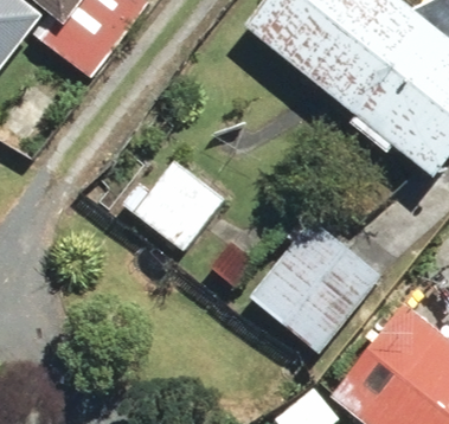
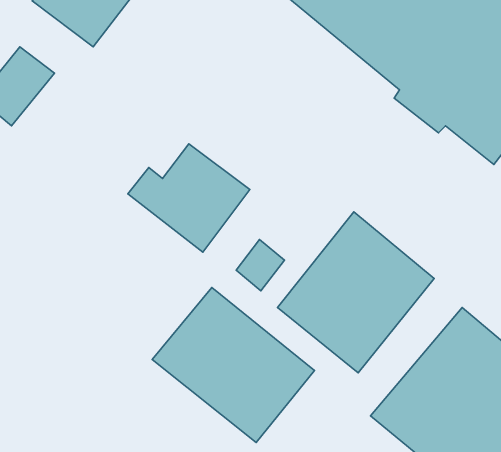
building: none -> [152,287,314,442]

